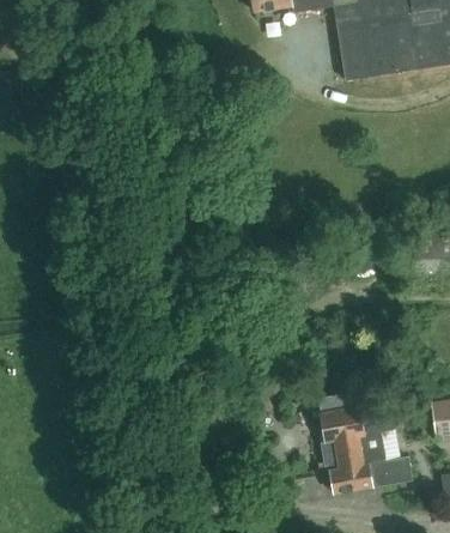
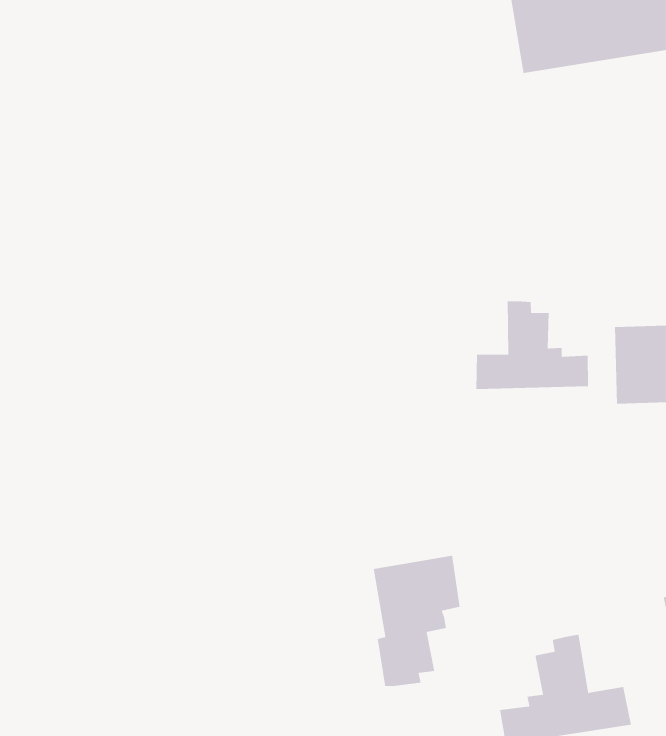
building: none -> [476,300,589,390]
building: [320,389,373,471] -> [373,555,460,687]

